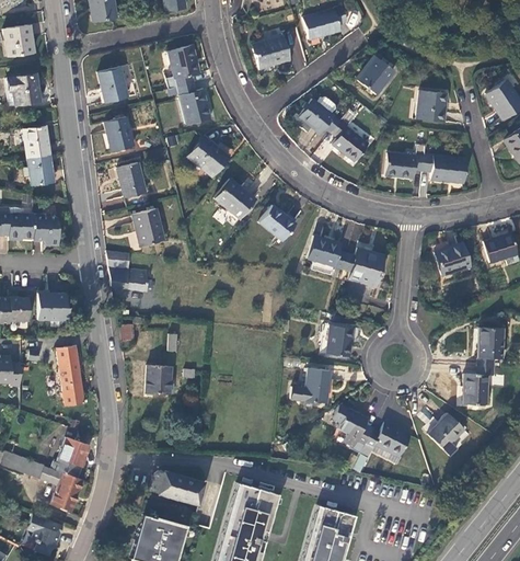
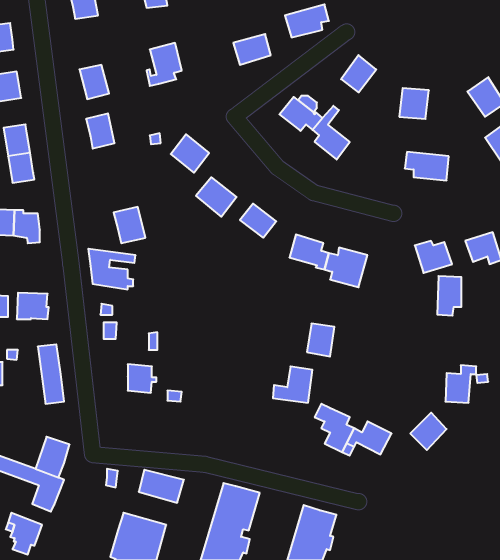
building: [177,81,211,124] -> none
building: [386,152,425,176] -> none
building: [117,162,146,197] -> none
building: [478,328,502,367] -> [437,276,461,316]

